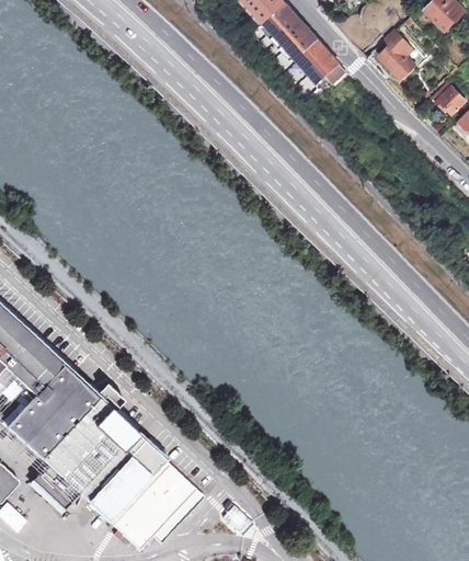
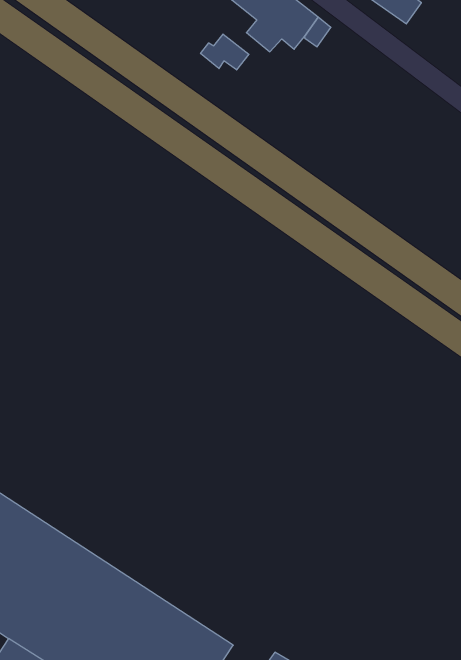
building: none -> [201,34,249,70]

